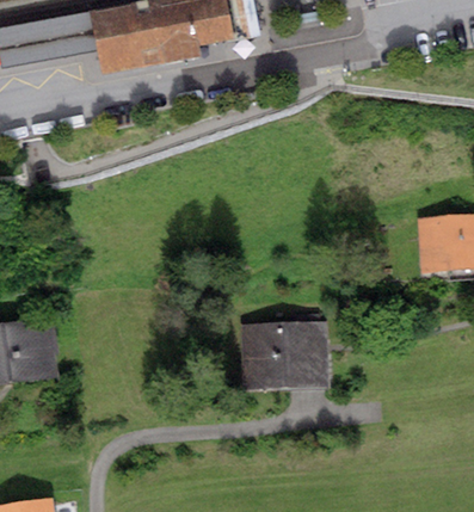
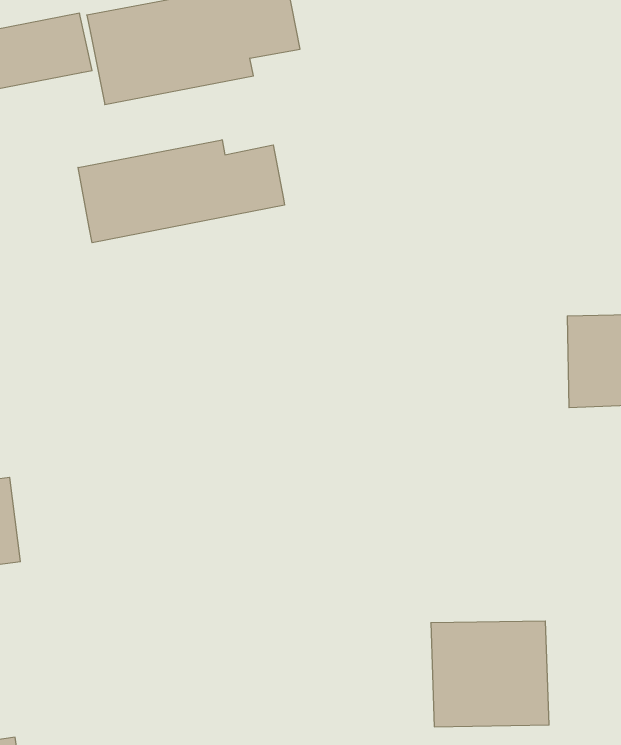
building: none -> [78,140,284,243]
building: [240,319,319,389] -> [431,621,549,727]

